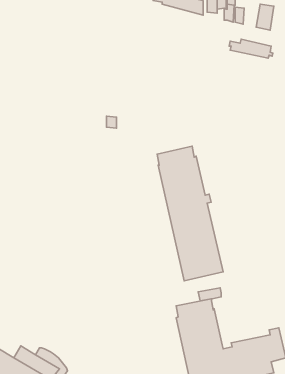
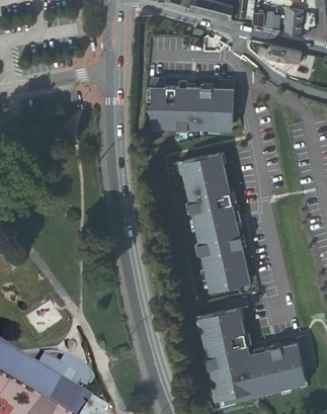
building: none -> [152,78,234,128]

